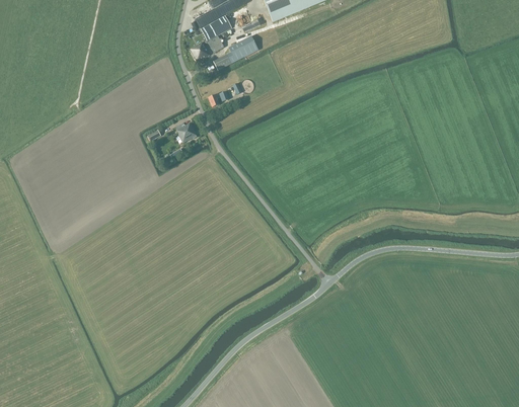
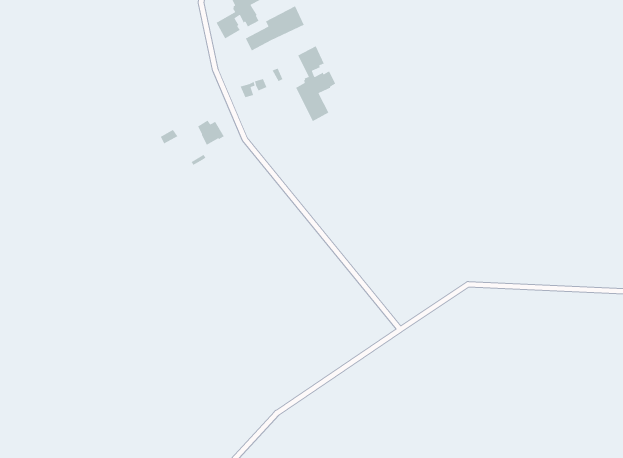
building: none -> [295,45,336,122]

